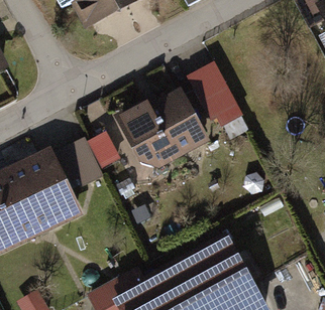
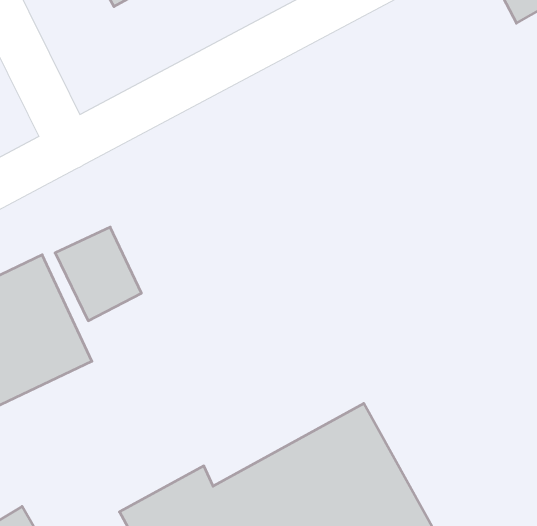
building: [192,66,252,142] -> none
building: [121,95,204,165] -> none

